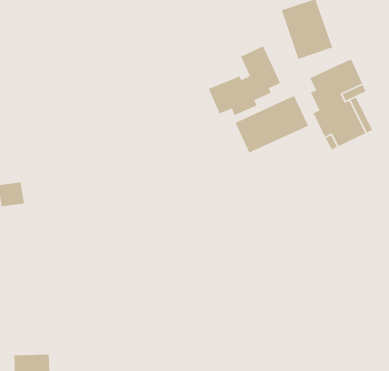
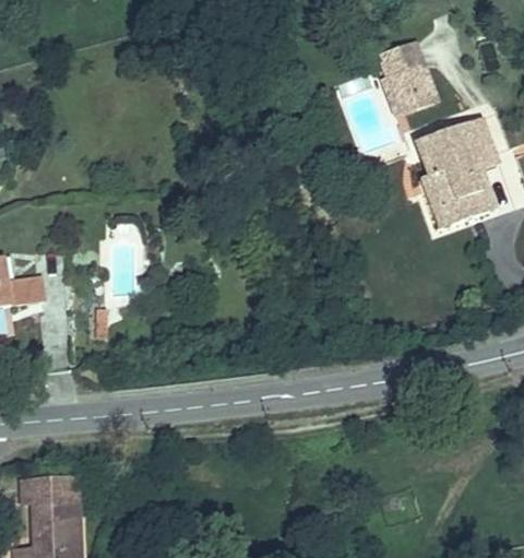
building: [208,45,281,116] -> none
building: [235,95,309,154] -> none

